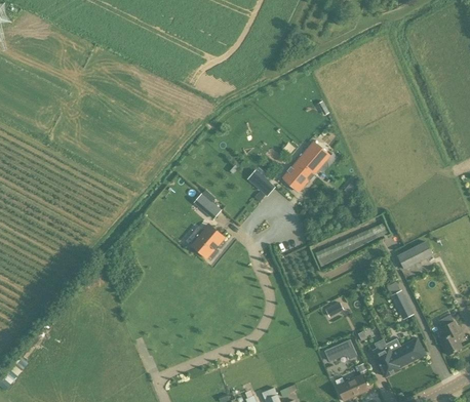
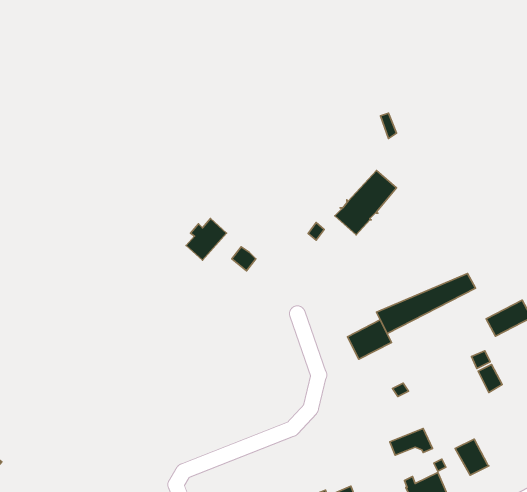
building: [194,227,225,258] -> [186,219,226,260]
building: none -> [348,320,391,359]
building: [386,338,425,368] -> none

